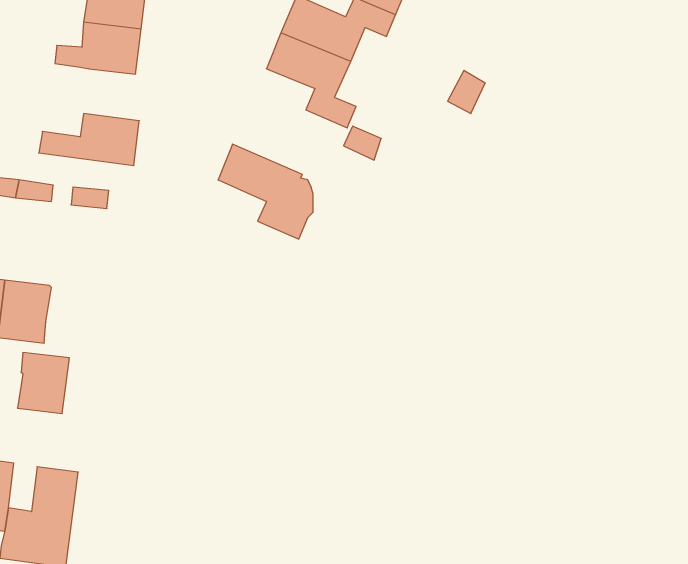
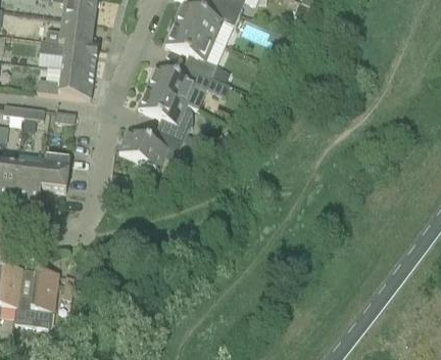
building: none -> [39,38,98,71]
building: none -> [146,62,211,106]
building: none -> [118,127,184,166]
building: [17,353,69,414] -> [40,153,69,188]

